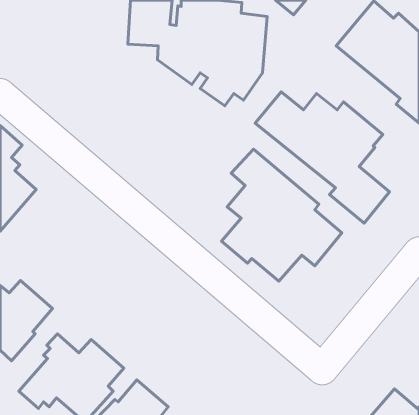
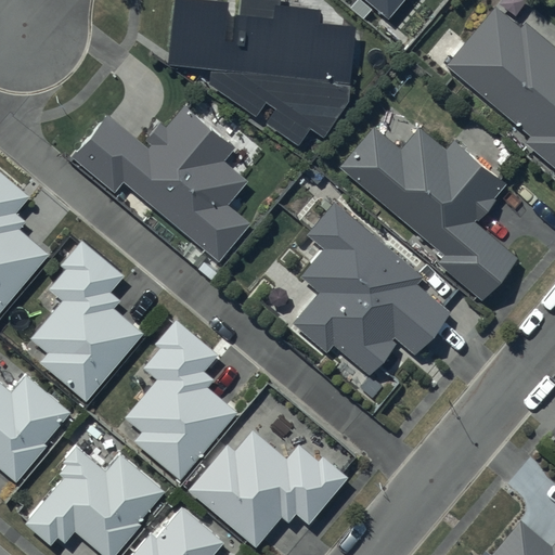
building: none -> [72,106,249,261]
building: none -> [28,238,144,402]
building: none -> [125,319,236,481]
building: none -> [189,430,347,547]

